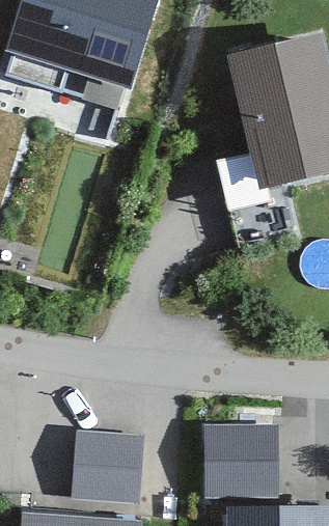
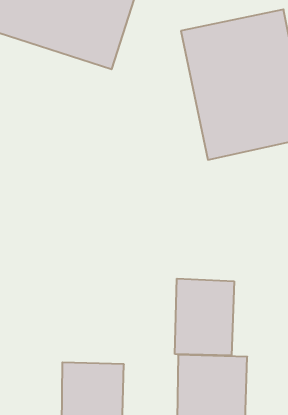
building: none -> [175,279,234,356]

